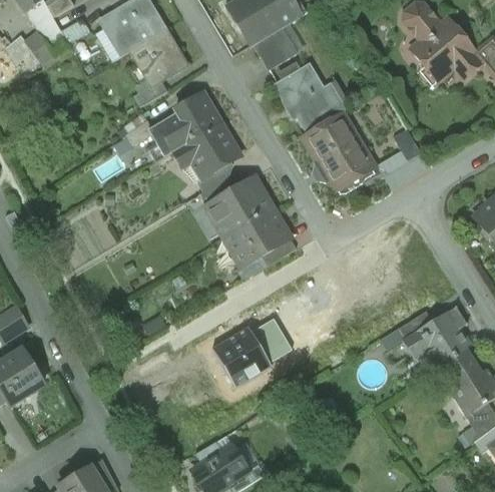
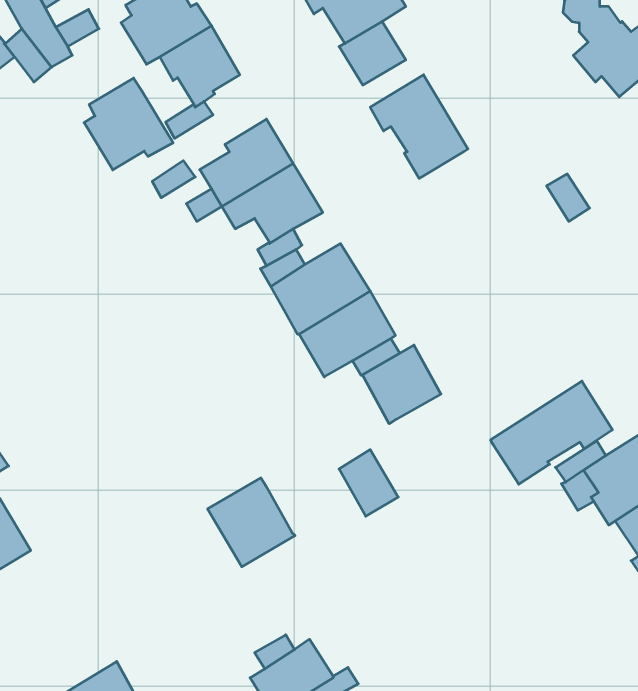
building: none -> [84,78,173,170]
building: [303,114,373,189] -> none
building: none -> [362,345,441,424]
building: none -> [491,381,612,484]
building: [212,324,272,384] -> [208,478,295,567]

